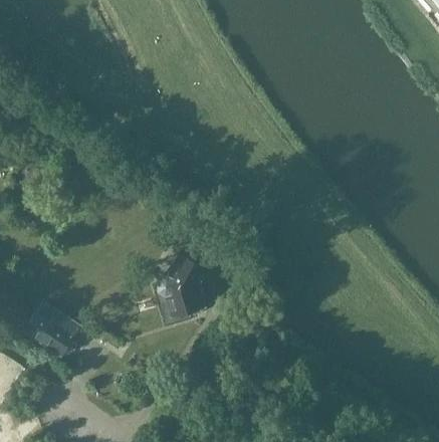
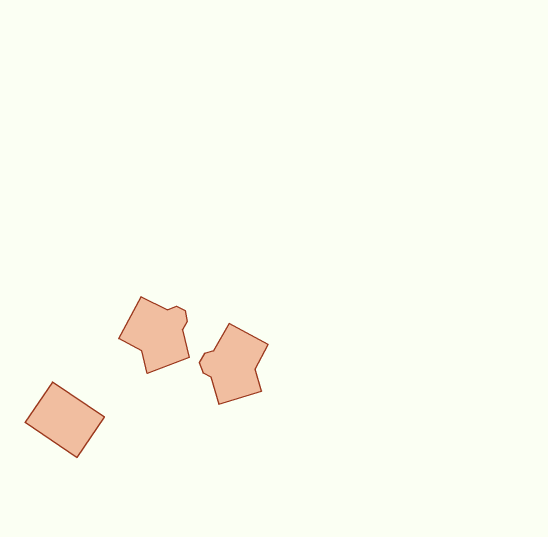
building: none -> [119,297,189,373]

